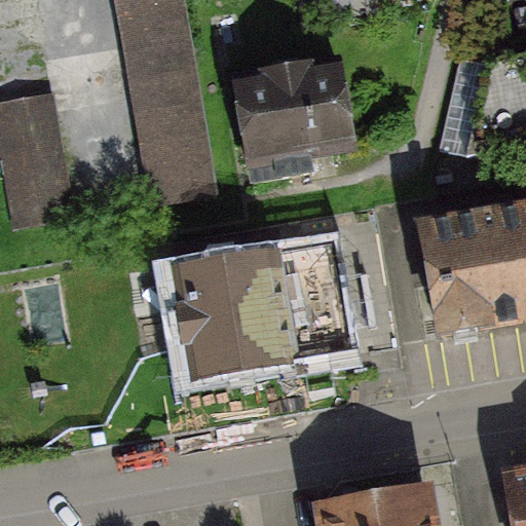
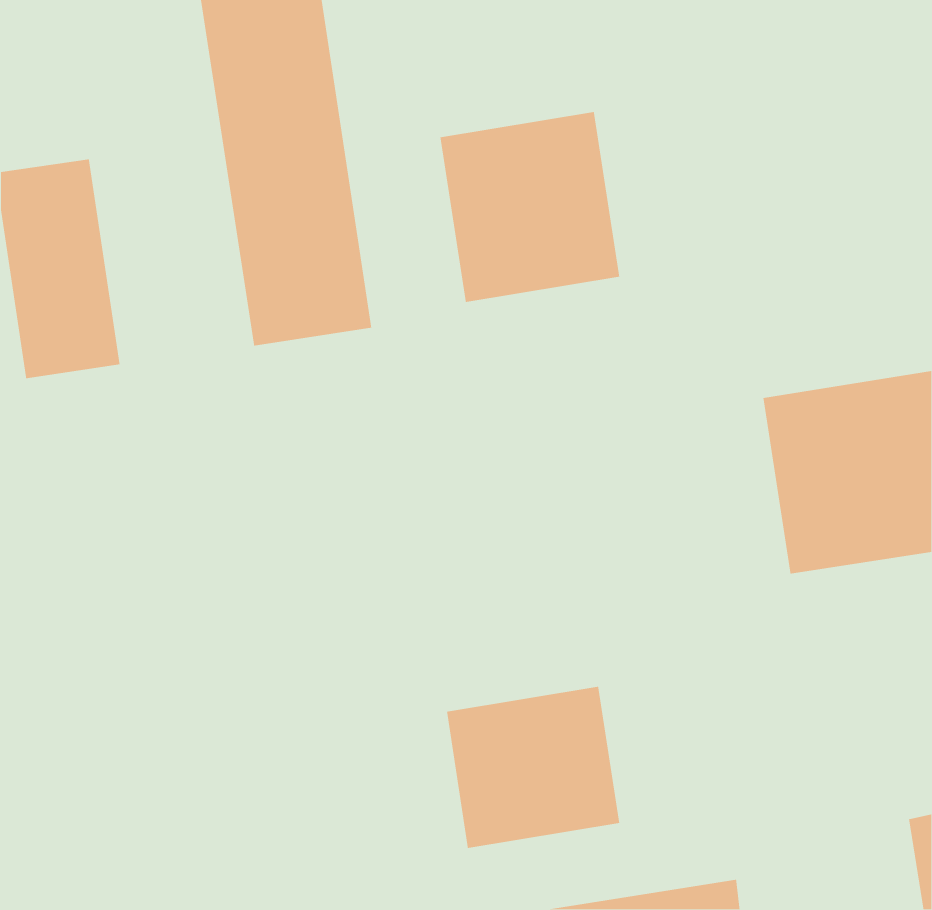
building: [162,235,354,370] -> none
building: none -> [446,686,620,849]

